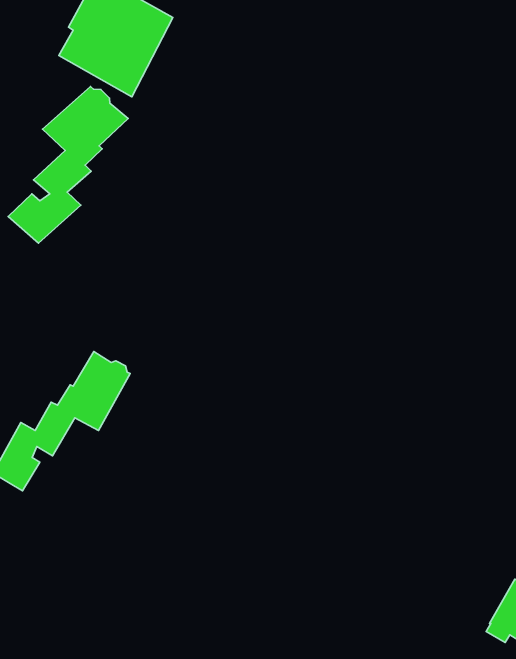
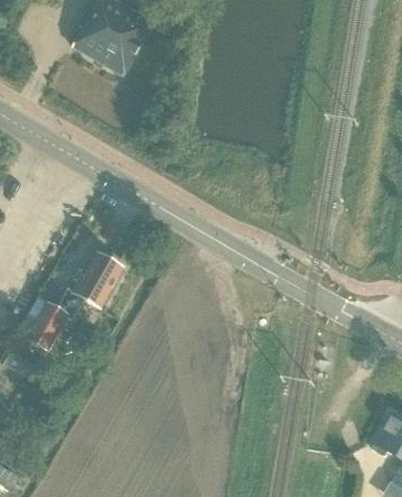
building: [8,86,128,243] -> none

